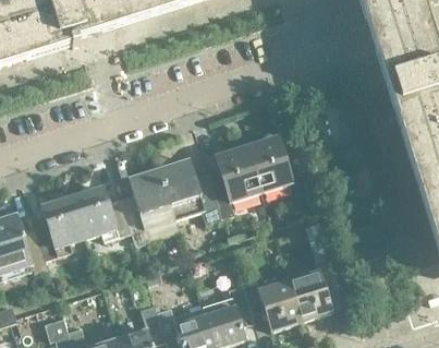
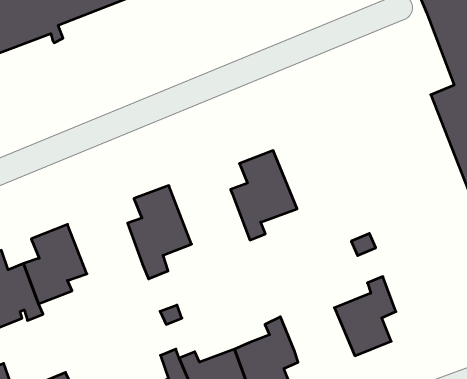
building: [245,135,307,195] -> none
building: [158,159,221,223] -> none
building: [73,185,132,240] -> none
building: [242,278,301,329] -> none

